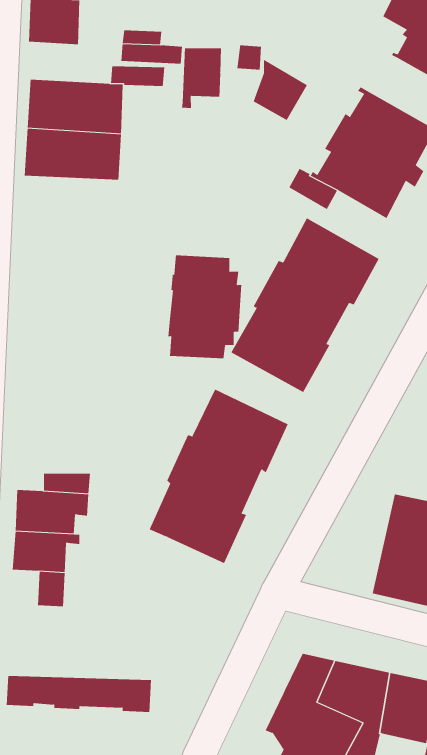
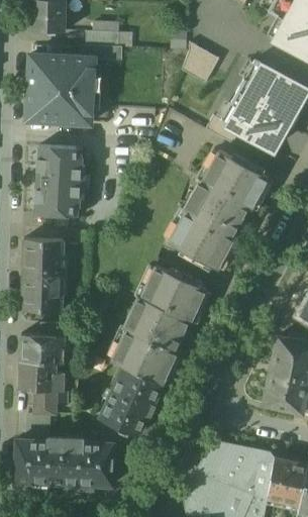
building: [182,47,222,109] -> none
building: [168,255,242,359] -> [34,146,85,217]
building: none -> [22,239,63,312]
building: none -> [100,367,163,436]
building: none -> [15,437,114,463]

